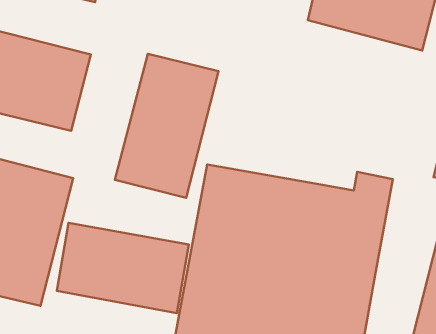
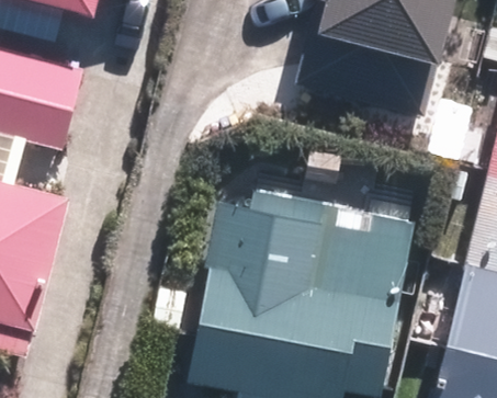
building: [115,54,219,198] -> none
building: [57,223,189,313] -> none

